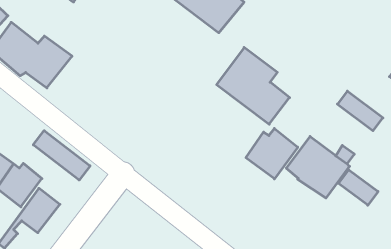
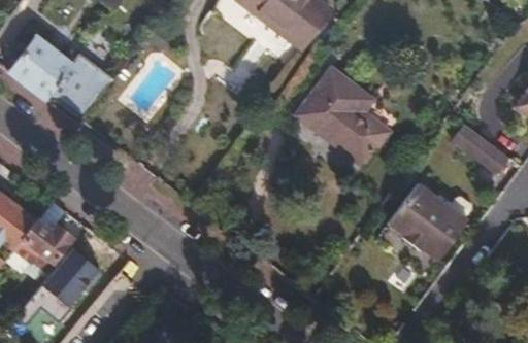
building: [246,128,298,179] -> none
building: [33,131,90,180] -> none
building: [338,170,378,205] -> none

